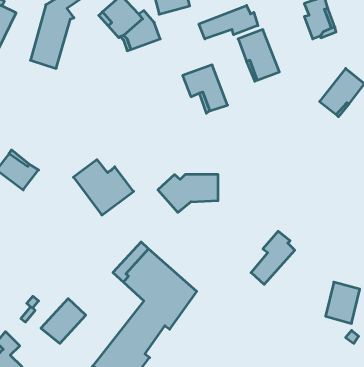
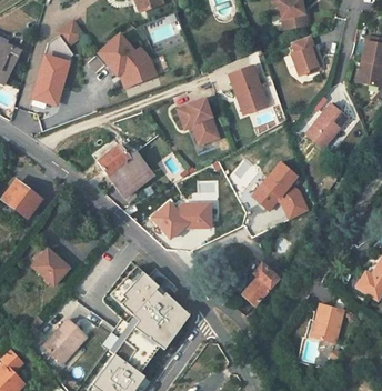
building: [199,5,258,39] -> none
building: none -> [254,161,310,220]
building: [73,160,134,215] -> [97,144,153,197]
building: none -> [32,248,69,284]

